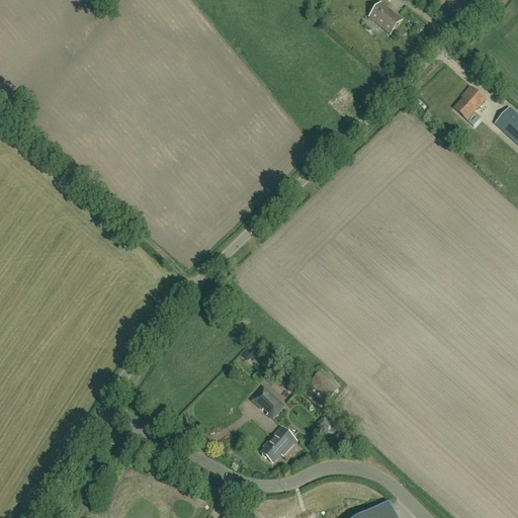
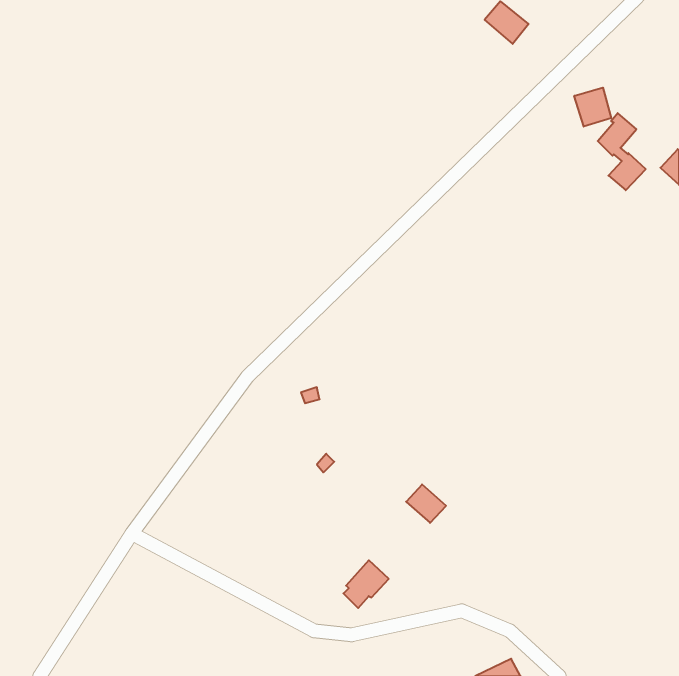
building: none -> [574,88,611,127]
building: [252,386,283,418] -> none

